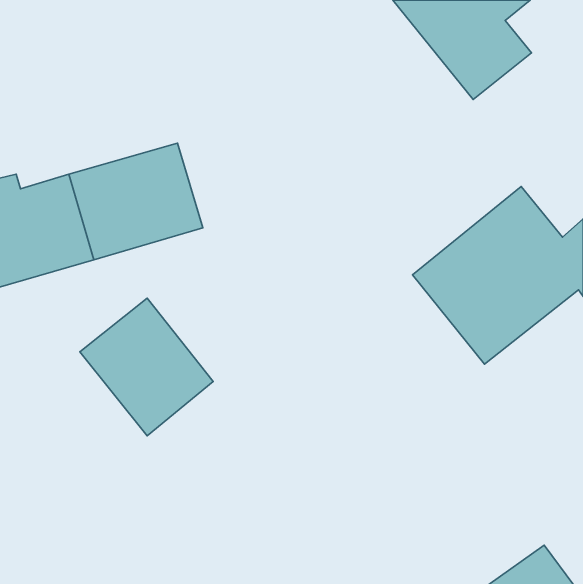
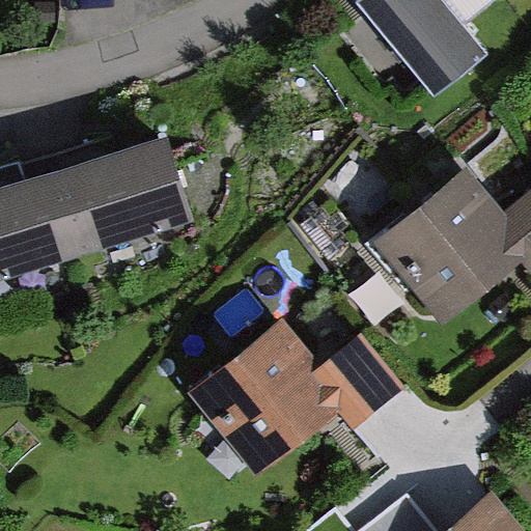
building: [80,298,213,436] -> none
building: none -> [194,318,356,478]

